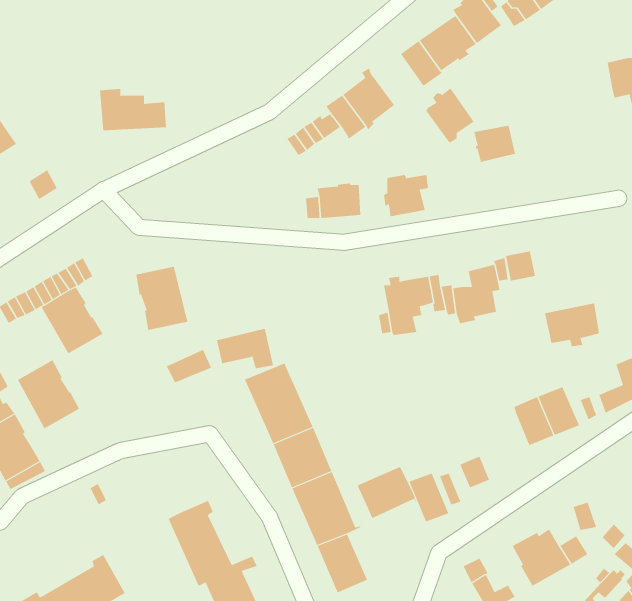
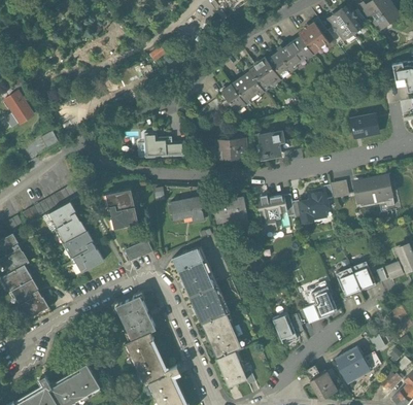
building: [425,88,475,143] -> [249,57,279,91]
building: [99,88,167,131] -> [143,133,184,159]
building: [474,125,516,162] -> [351,114,377,137]
building: none -> [213,197,248,227]
building: [544,303,600,347] -> [355,175,389,202]
building: [216,328,274,369] -> [169,196,204,221]
building: [17,360,80,429] -> [65,230,103,272]
building: none -> [311,286,338,318]
building: none -> [115,294,156,339]
building: [357,466,417,519] -> none

